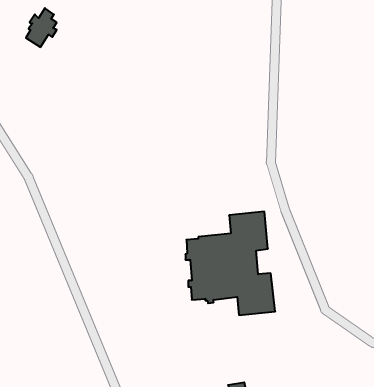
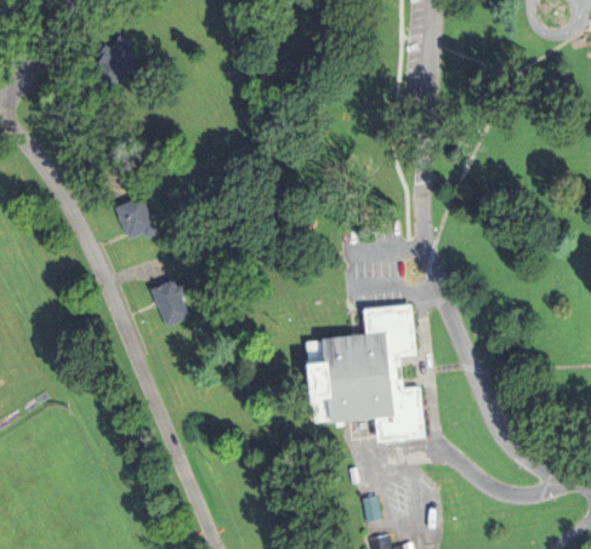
building: none -> [114,194,157,238]
building: none -> [149,278,188,325]

